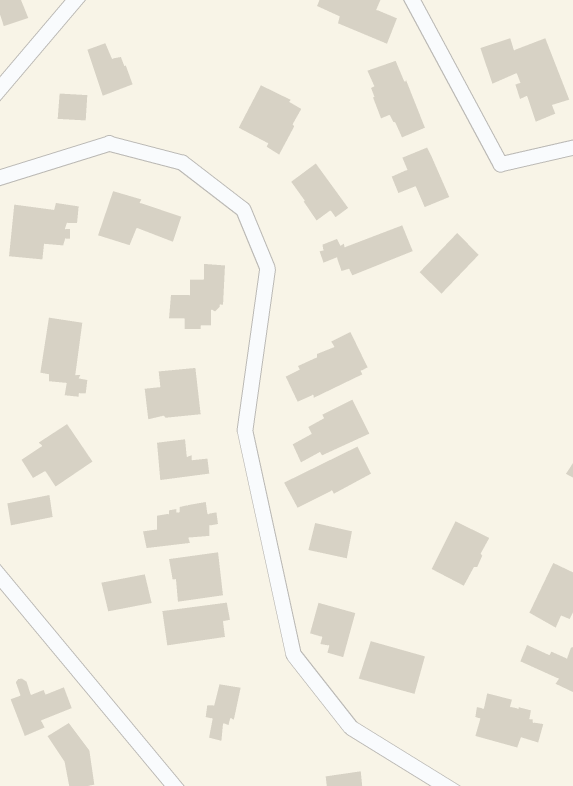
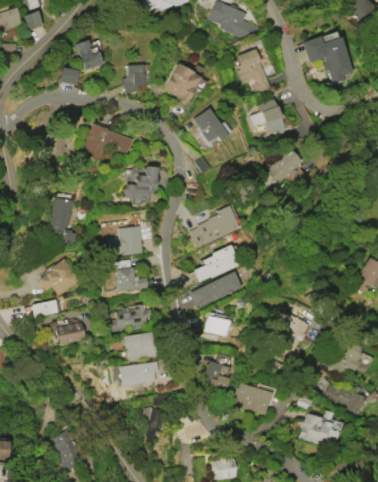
building: none -> [121,64,145,93]
building: [319,224,413,276] -> none
building: [100,574,153,612] -> [54,322,84,344]
building: [10,678,73,737] -> none

